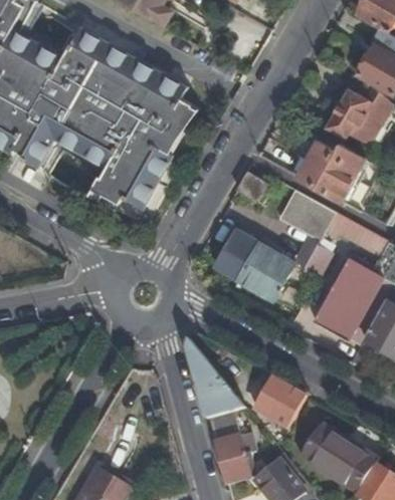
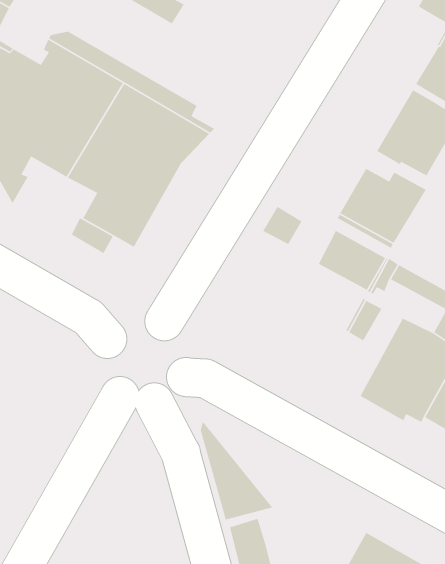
building: [215,228,297,299] -> none
building: [255,379,305,428] -> none

